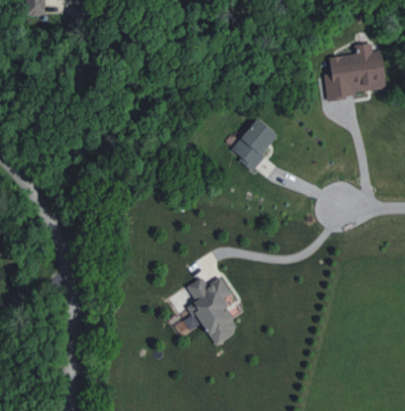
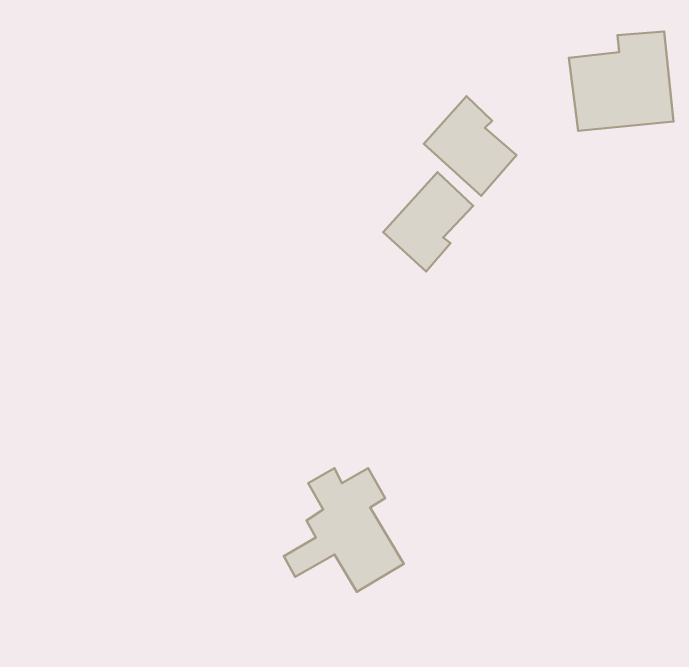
building: none -> [424,96,516,196]

